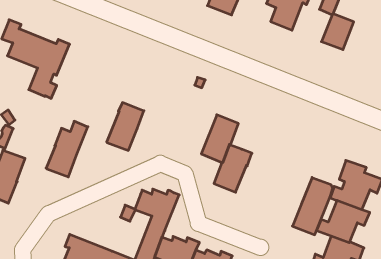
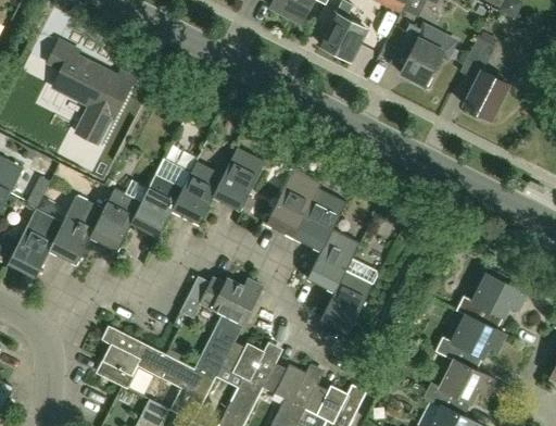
building: none -> [213,147,265,211]
building: none -> [265,168,321,237]
building: none -> [130,158,191,237]
building: none -> [49,196,104,264]
building: [292,177,333,235] -> [319,258,377,333]

